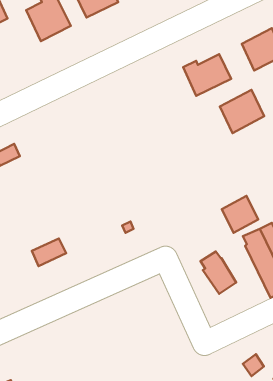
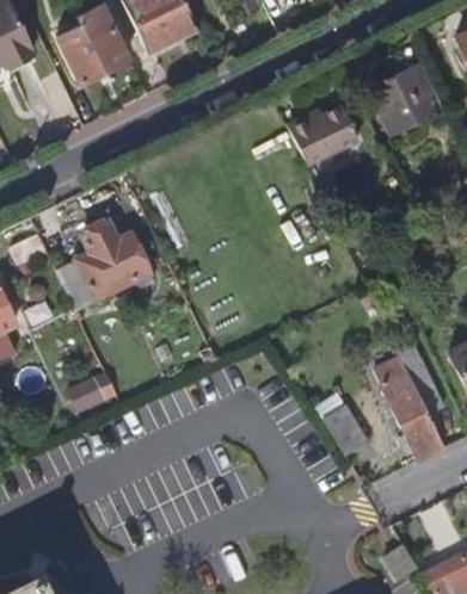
building: [220,90,264,133] -> none
building: none -> [57,223,152,309]
building: [222,196,258,233] -> none

